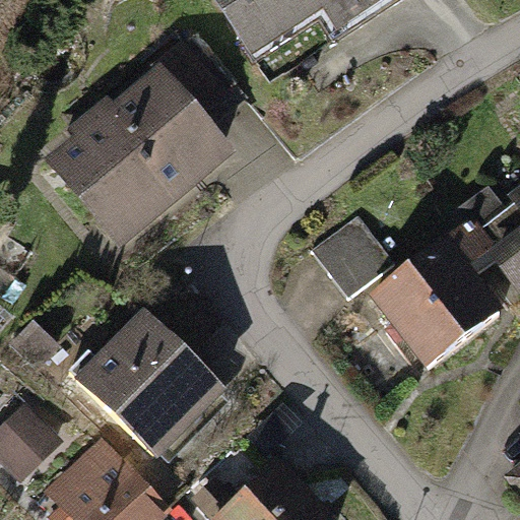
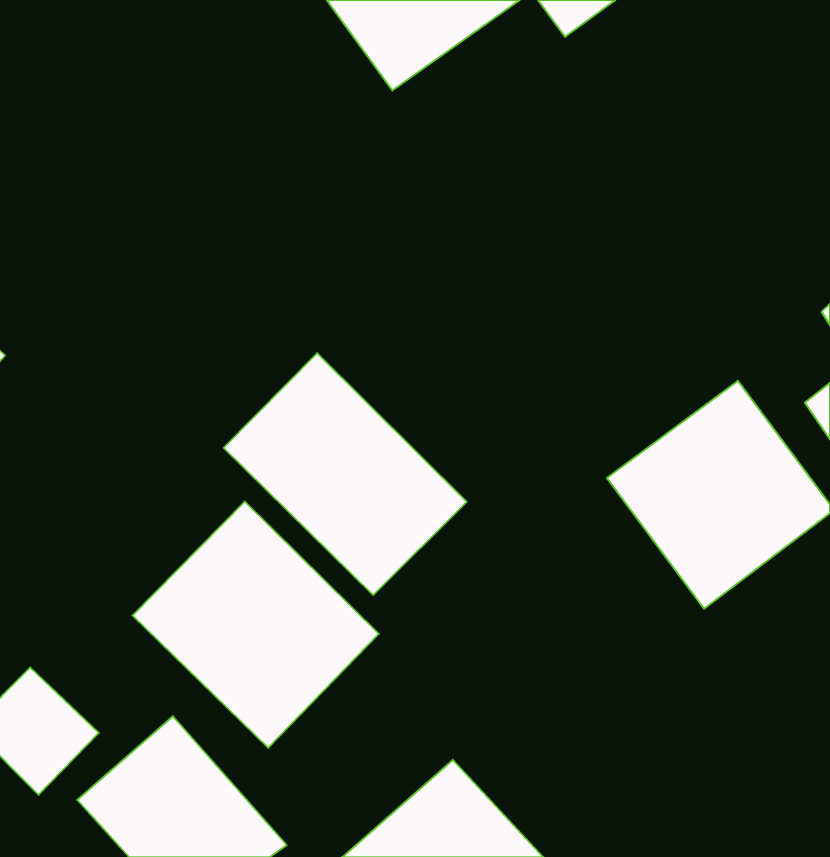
building: [56,73,231,243] -> none
building: [304,213,385,297] -> none
building: none -> [224,353,467,595]

